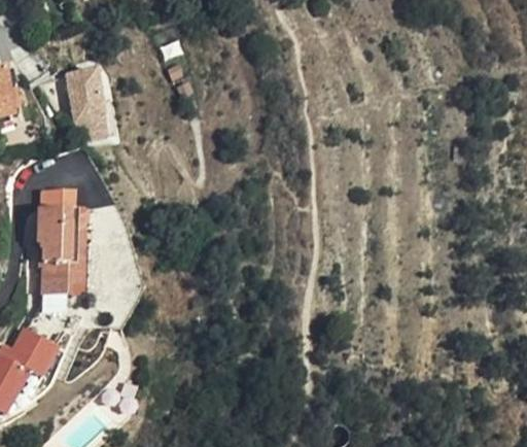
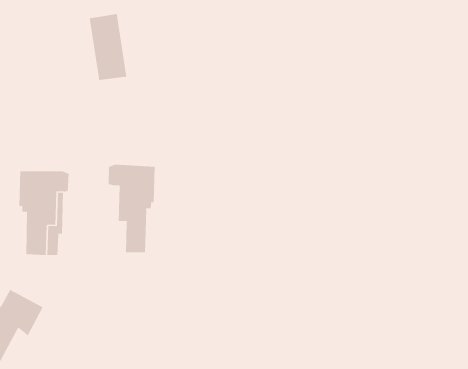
building: [68,66,109,138] -> [89,13,127,81]
building: none -> [108,164,155,253]

